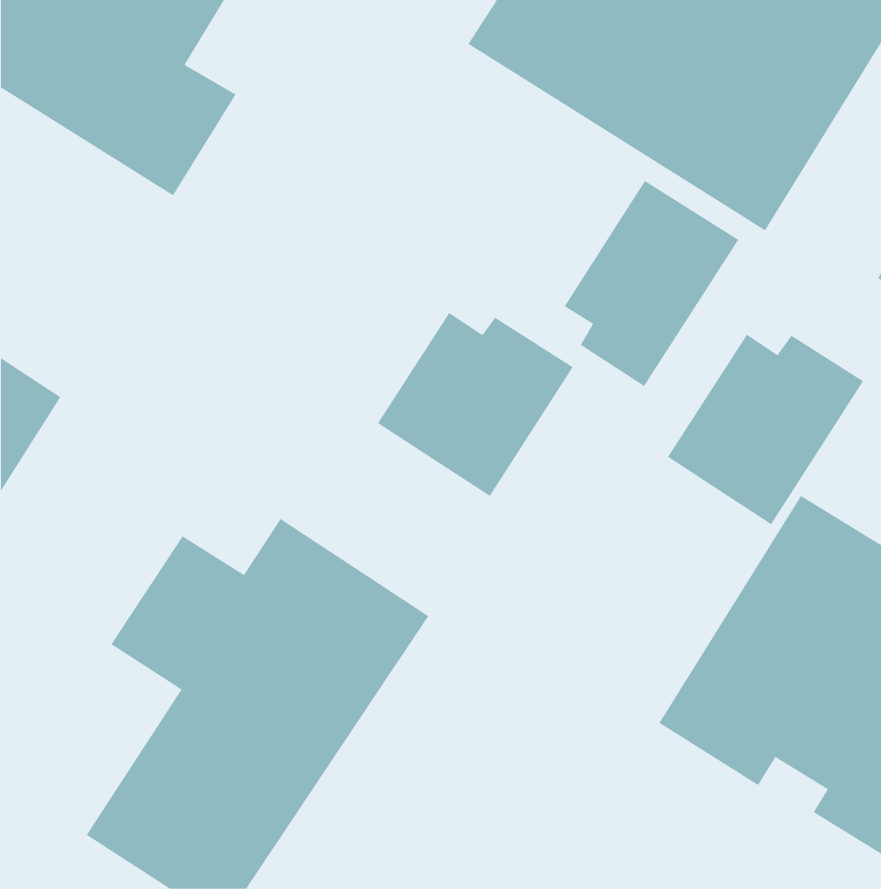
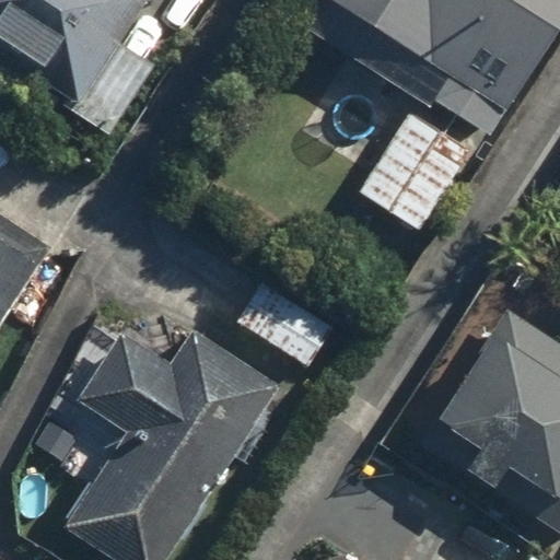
building: [377,312,574,497] -> none
building: [667,334,864,525] -> none

